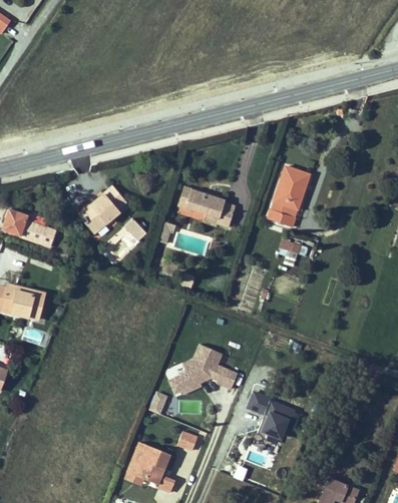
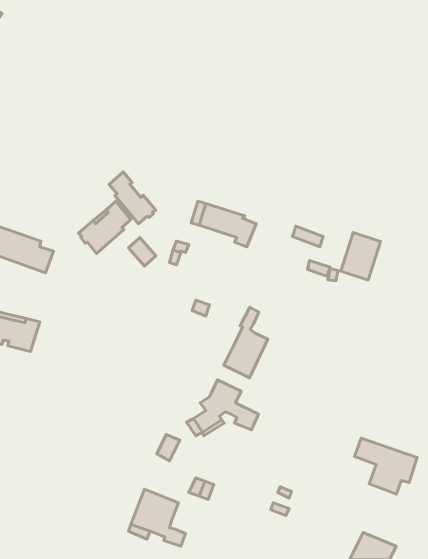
building: none -> [109,172,156,224]
building: [274,166,309,208] -> [341,232,381,280]
building: none -> [224,307,268,378]
building: [246,394,301,443] -> [354,438,417,494]

